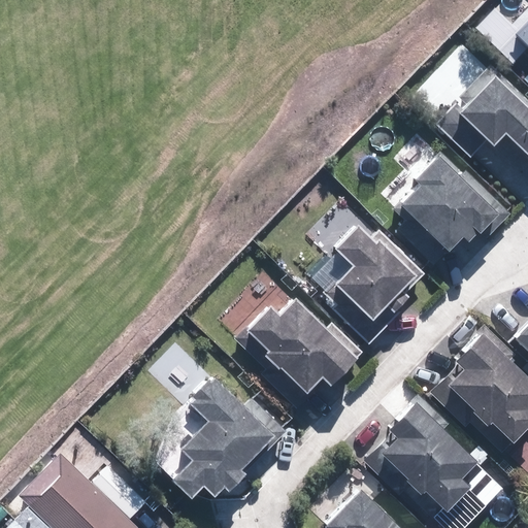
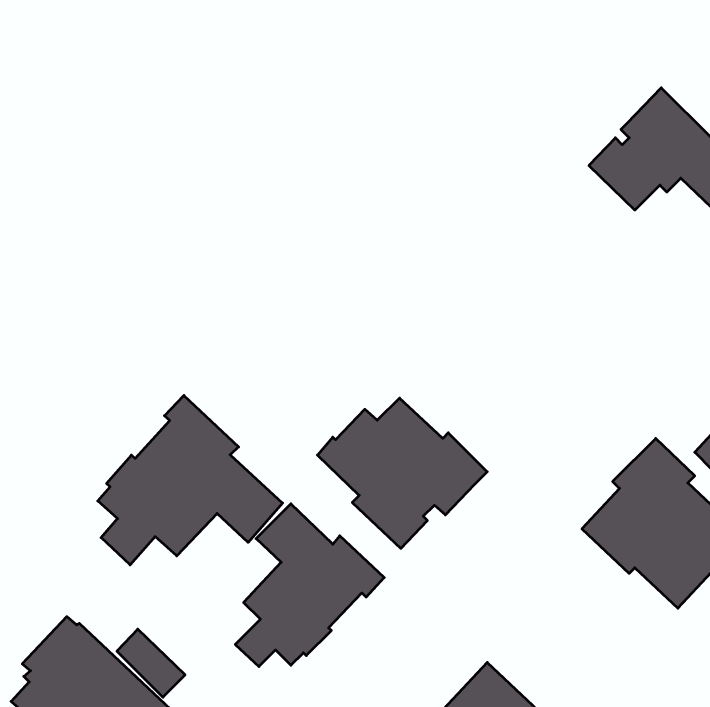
building: [395,154,513,251] -> none
building: [336,225,419,320] -> none
building: none -> [98,395,283,565]
building: [366,406,488,515] -> none

